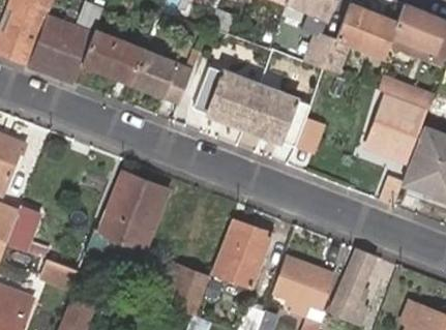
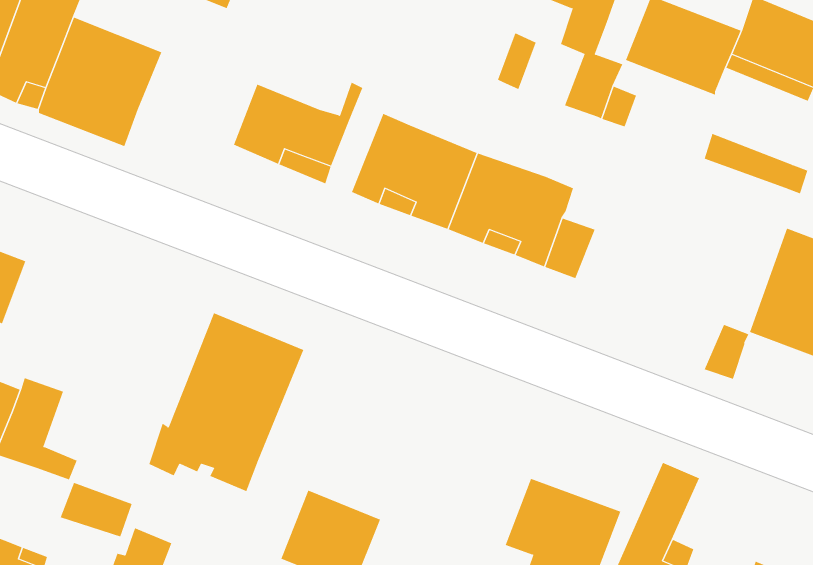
building: [82,30,144,82] -> none
building: [366,94,425,160] -> none
building: [215,220,271,287] -> none

